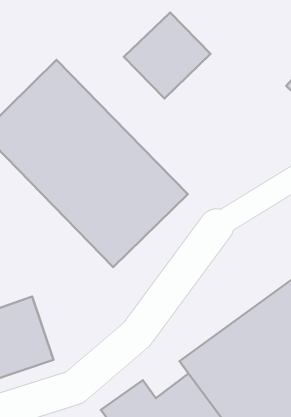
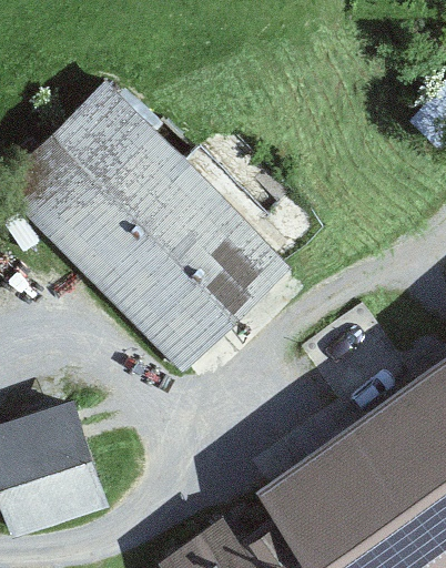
building: [124,12,210,98] -> none

